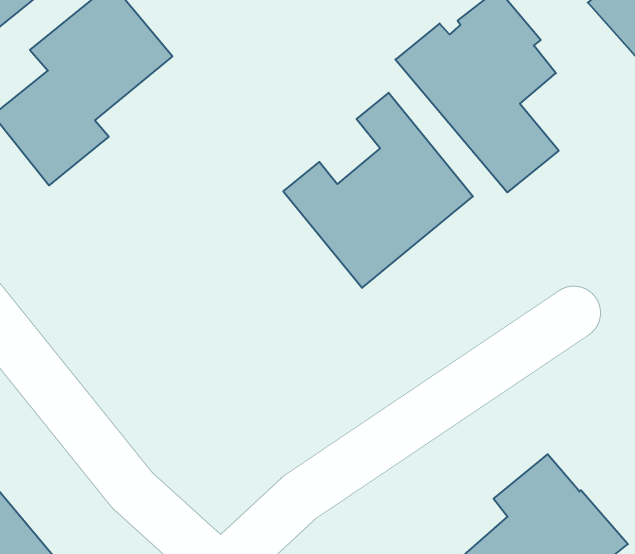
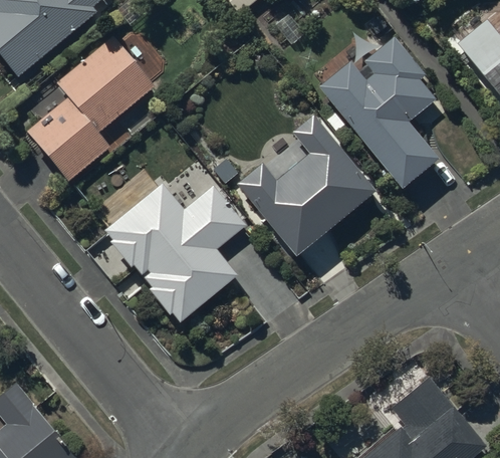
building: none -> [97,182,246,330]

